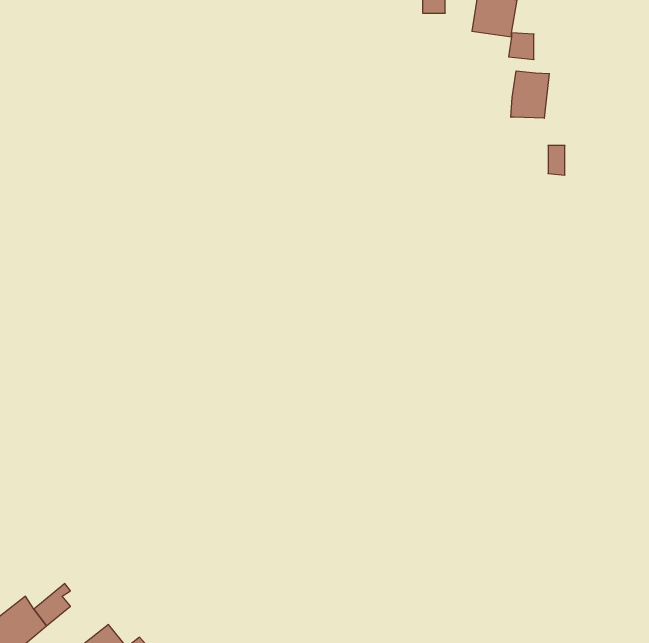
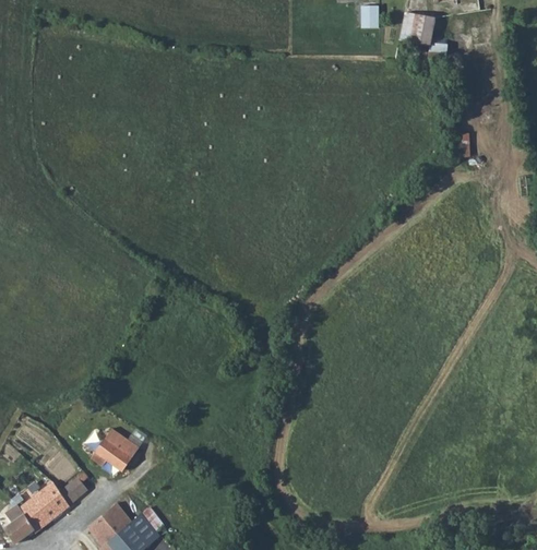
building: [511,71,549,118] -> none
building: none -> [94,428,139,471]

